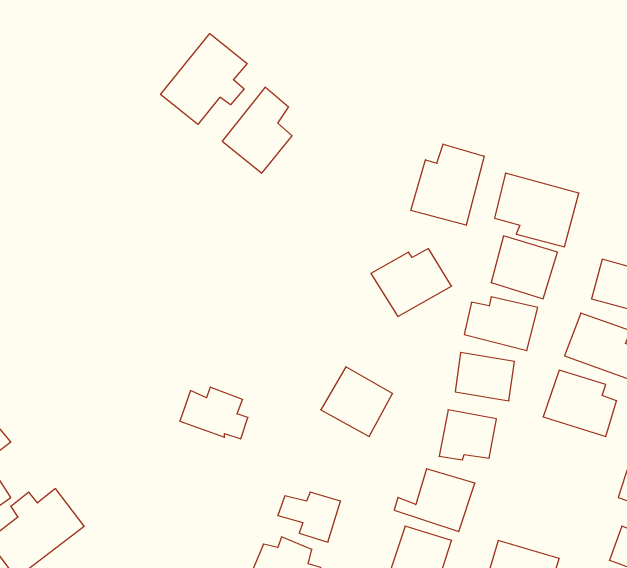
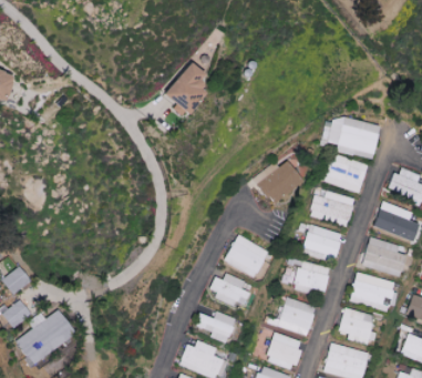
building: [161,34,247,124] -> none
building: [411,144,484,225] -> none
building: [180,387,248,439] -> [208,273,250,305]
building: none -> [352,272,397,309]
building: none -> [340,307,378,343]

